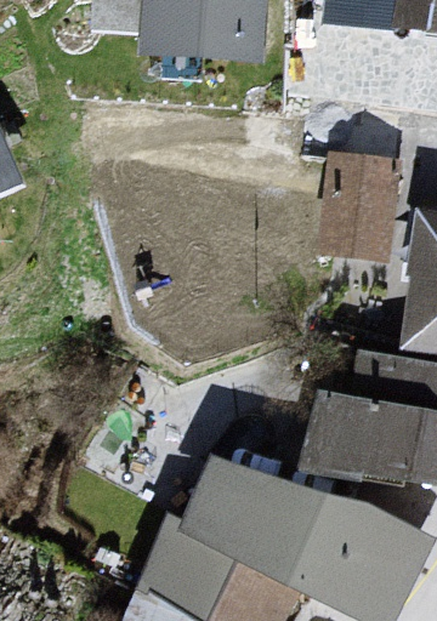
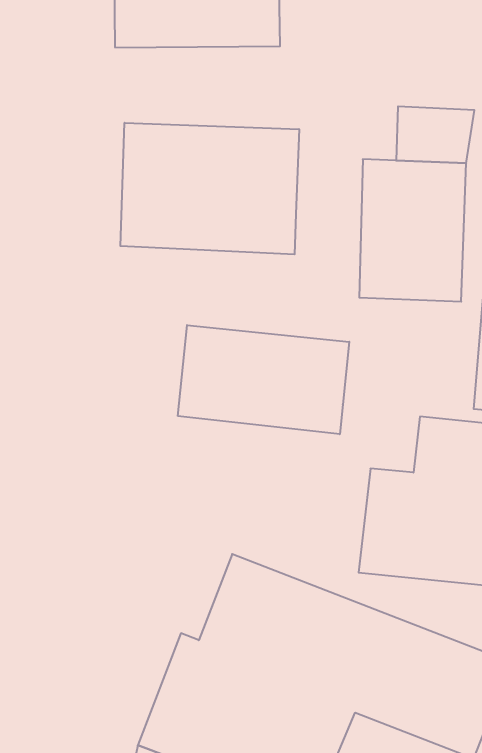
building: none -> [120,123,299,254]
building: none -> [178,325,349,434]

